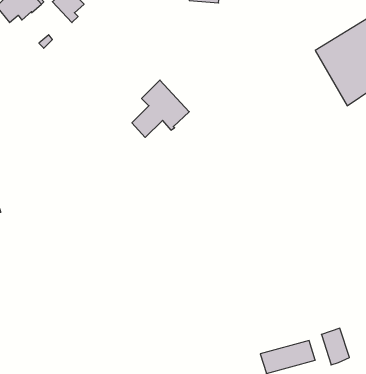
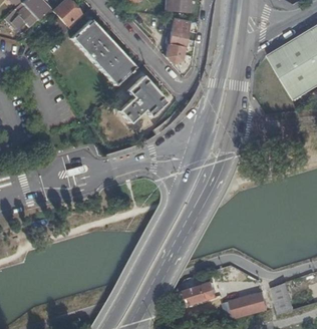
building: none -> [167,18,189,64]
building: none -> [71,21,134,85]
building: none -> [184,280,218,304]

